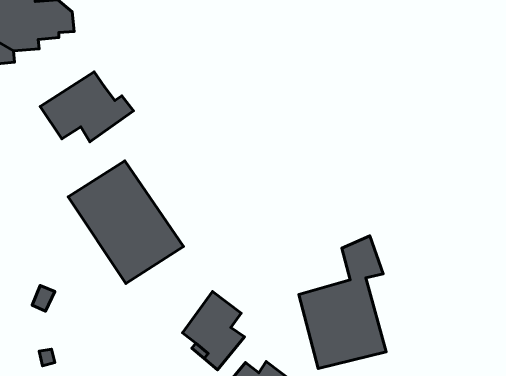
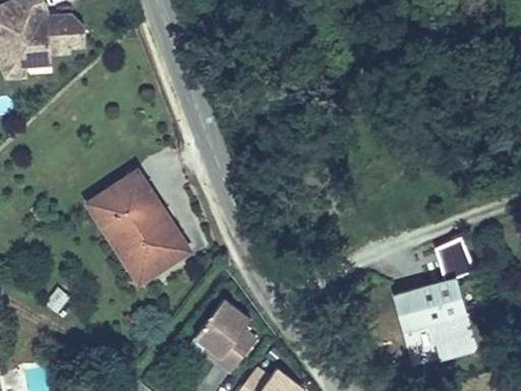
building: [40,72,133,142] -> none
building: [299,236,386,368] -> [392,237,478,369]

